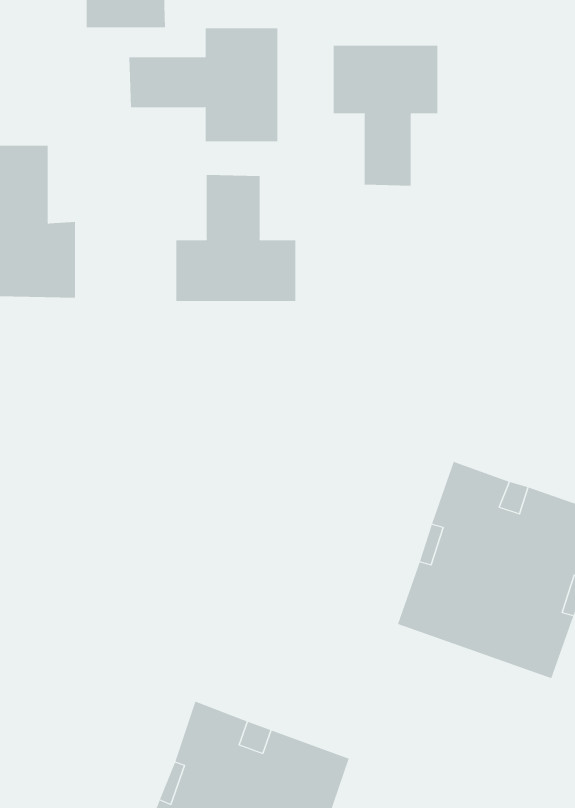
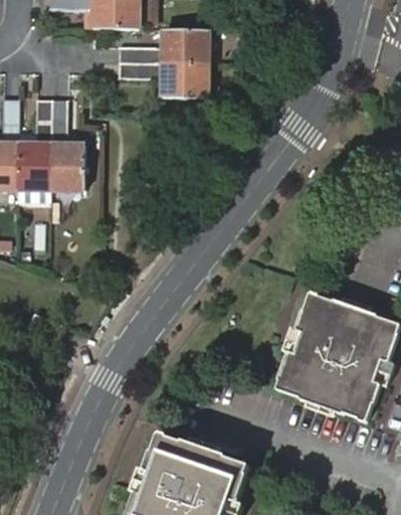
building: [333,45,438,187] -> none
building: [176,174,296,302] -> none

